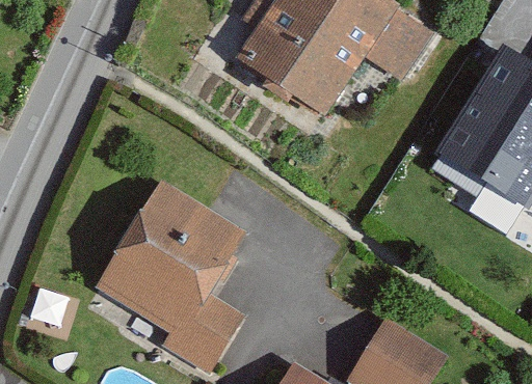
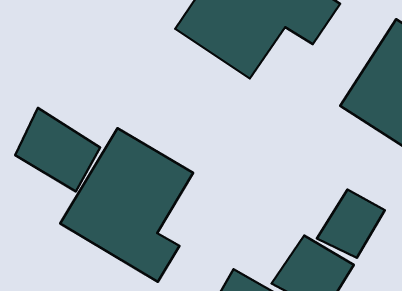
building: none -> [15,108,100,191]
building: none -> [317,190,385,258]

